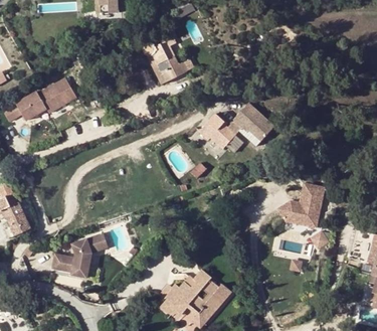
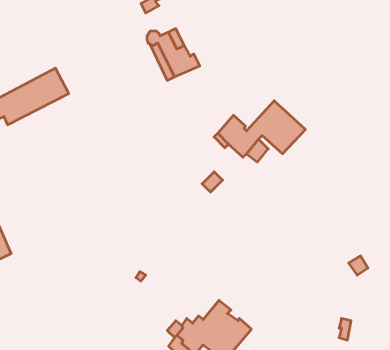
building: [273,186,324,228] -> none
building: [56,230,112,276] -> none

